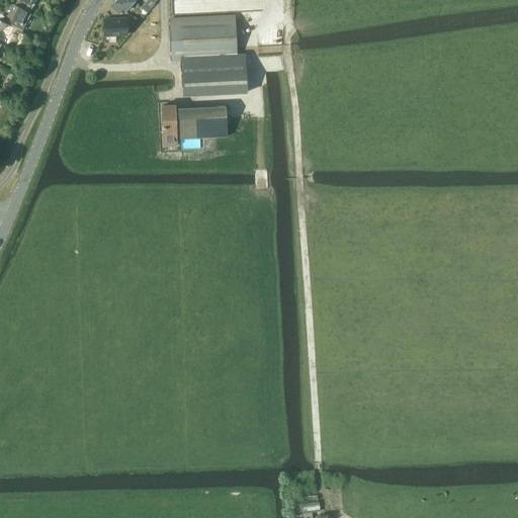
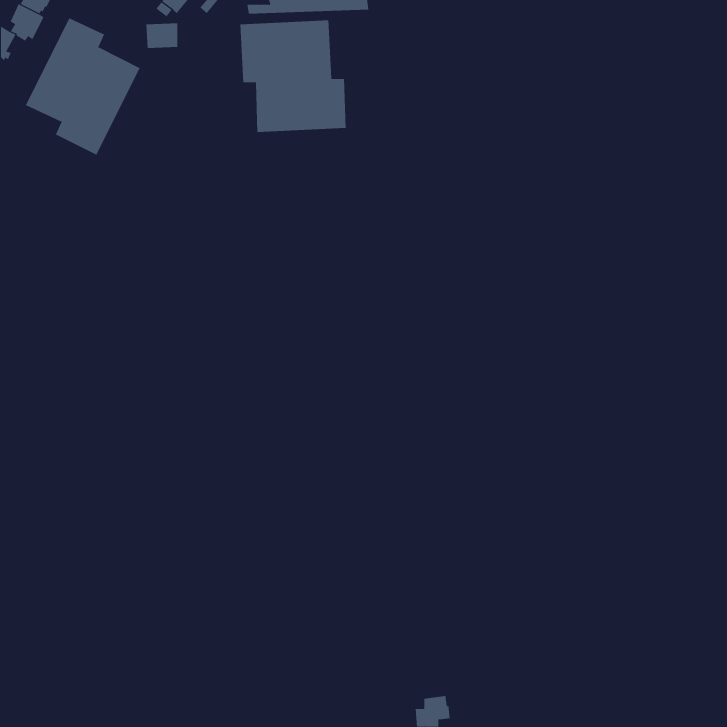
building: none -> [25,18,140,156]
building: [162,103,228,144] -> none

